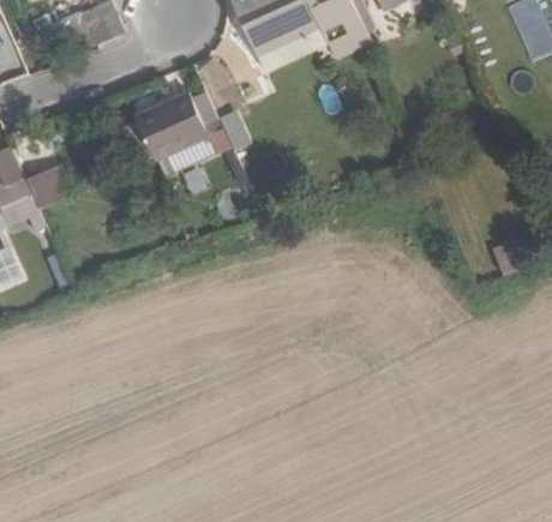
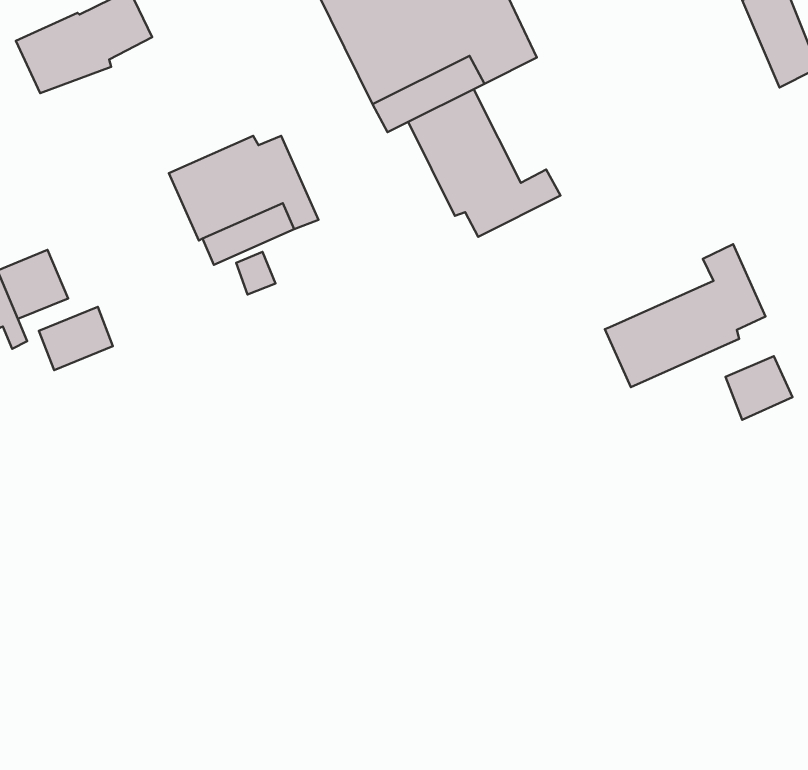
building: none -> [408,89,561,237]
building: none -> [605,244,765,387]
building: none -> [39,307,113,370]

